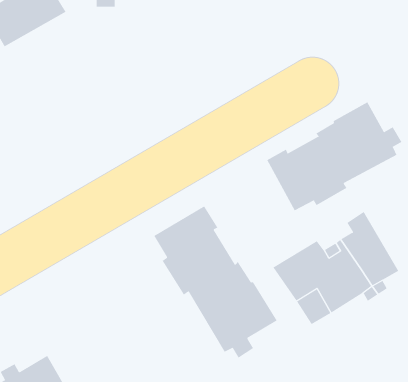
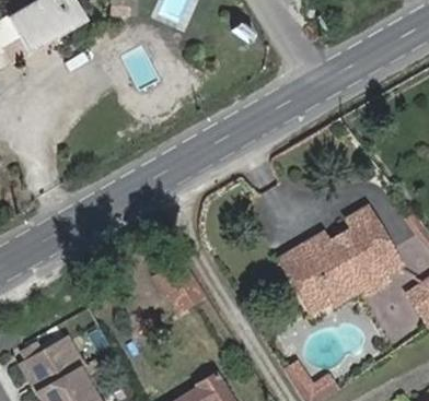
building: [266,101,402,211] -> none
building: [154,205,277,358] -> none

